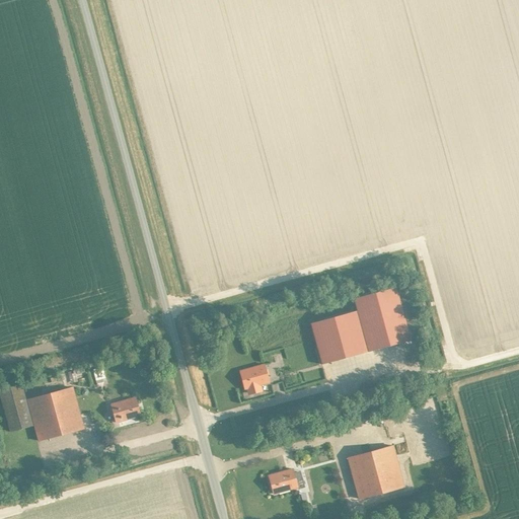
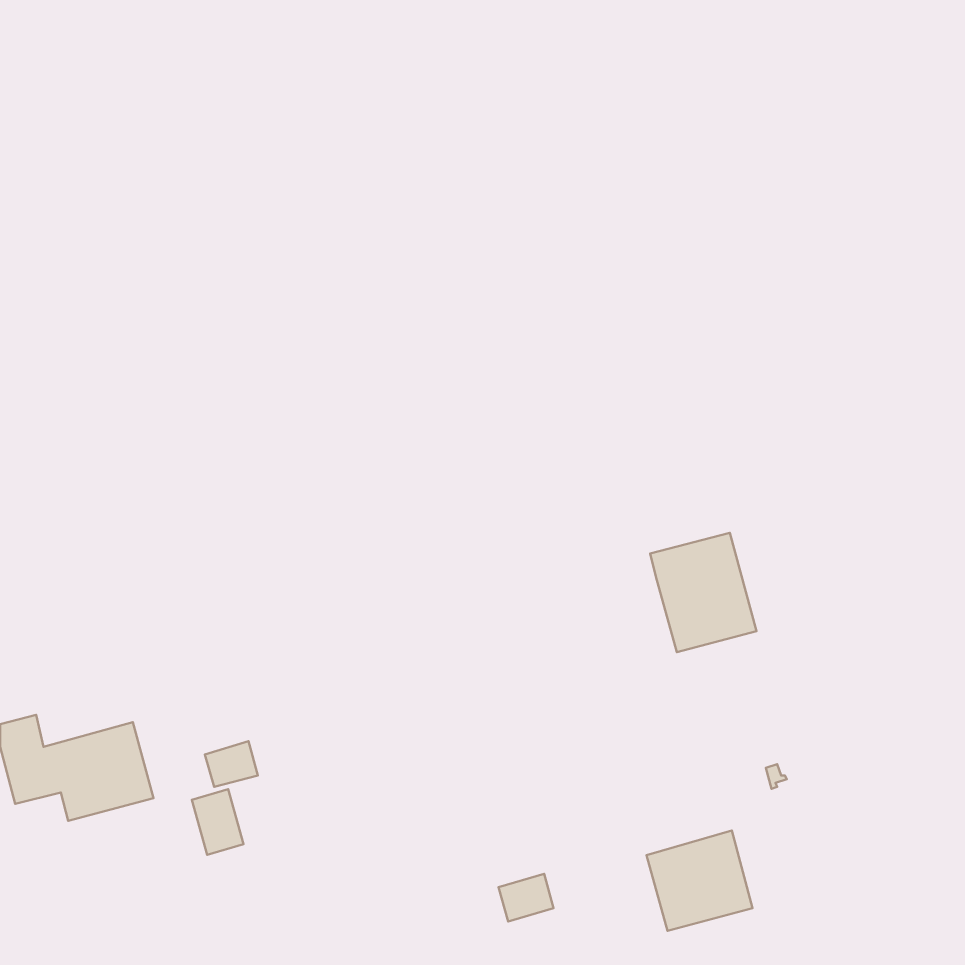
building: [307,310,364,363] -> none
building: [240,365,269,394] -> none
building: none -> [192,789,243,855]

